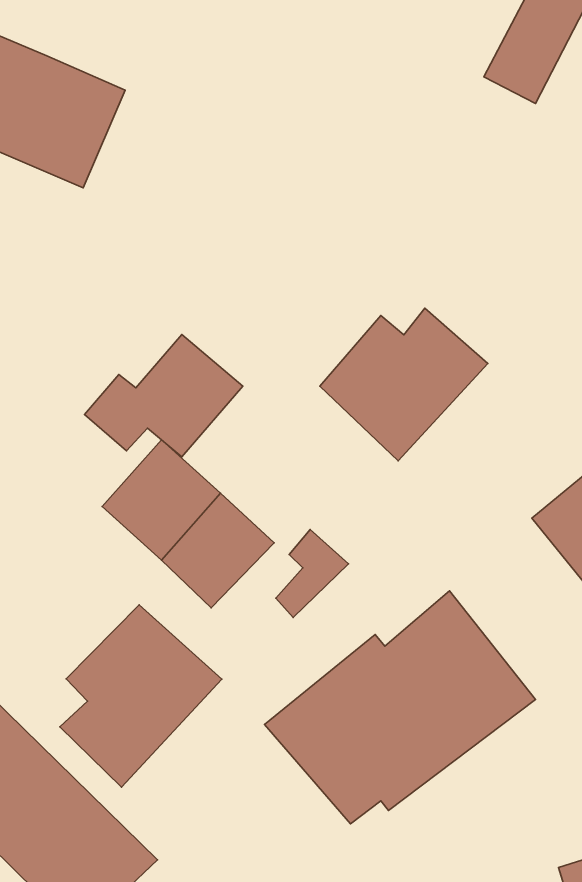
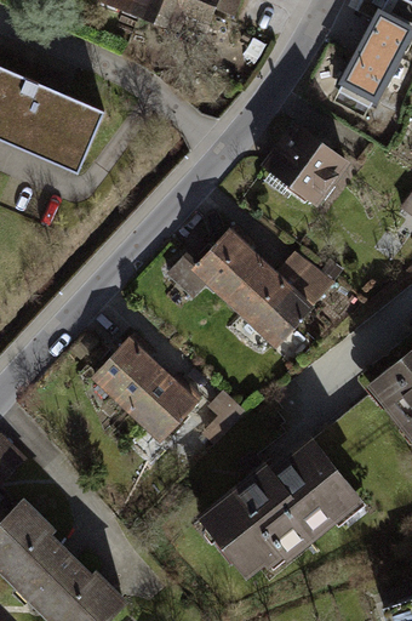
building: none -> [259,121,351,209]
building: [84,334,243,457] -> [166,224,267,302]
building: [60,605,222,787] -> none

